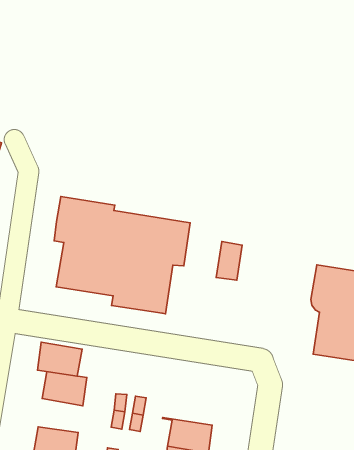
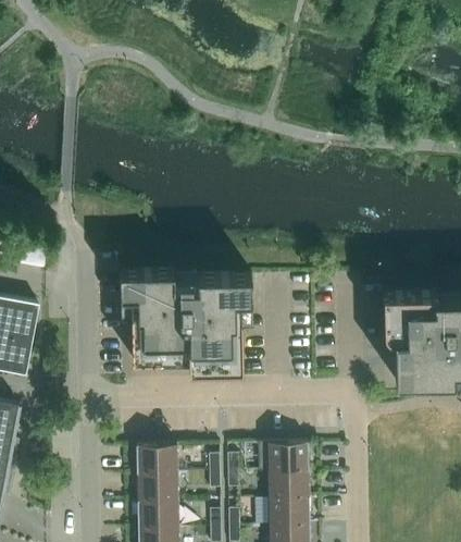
building: [216,242,242,280] -> none
building: [37,342,82,376] -> [136,472,177,501]
building: none -> [258,441,308,470]

